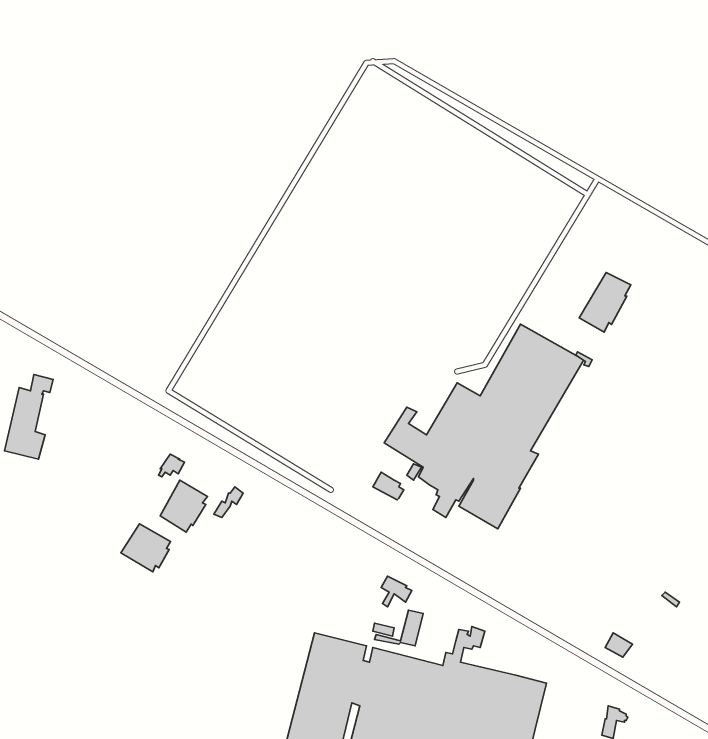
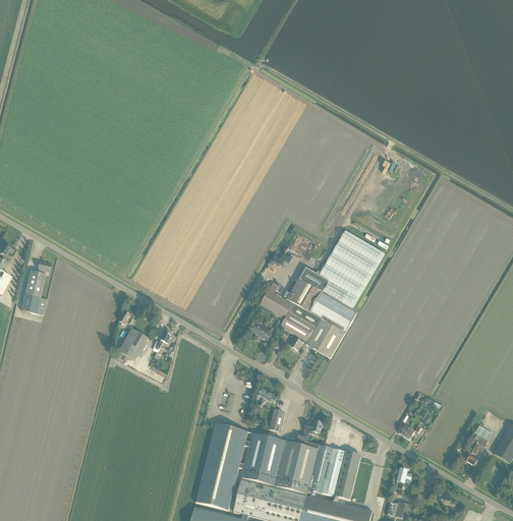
building: [579,272,631,332] -> none
building: [121,524,171,572] -> none

